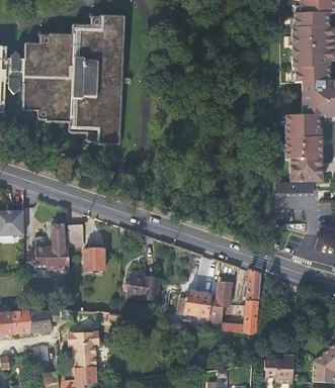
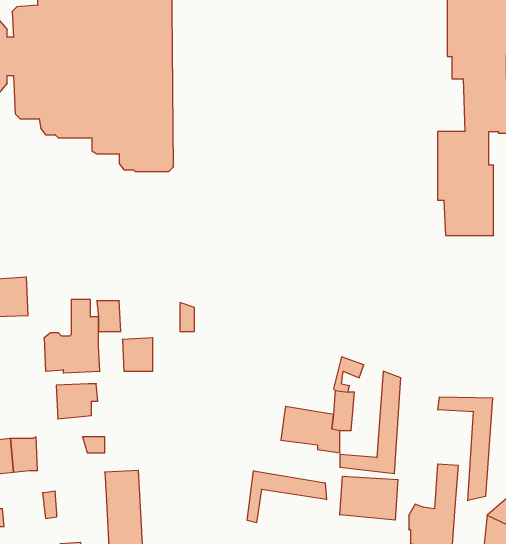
building: [129,274,160,299] -> none
building: none -> [438,397,493,501]
building: [29,309,56,331] -> [56,384,98,419]
building: none -> [247,471,326,523]
building: none -> [340,476,398,520]

